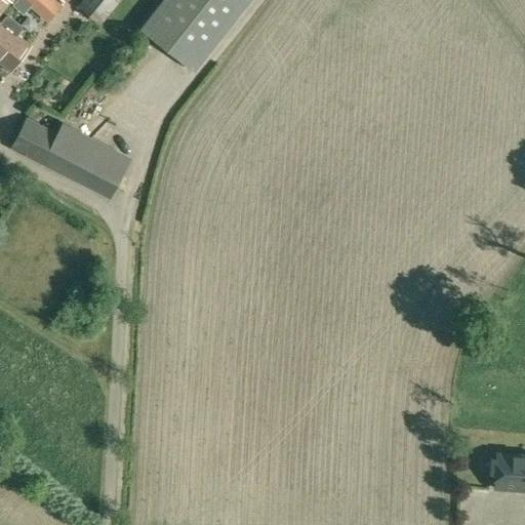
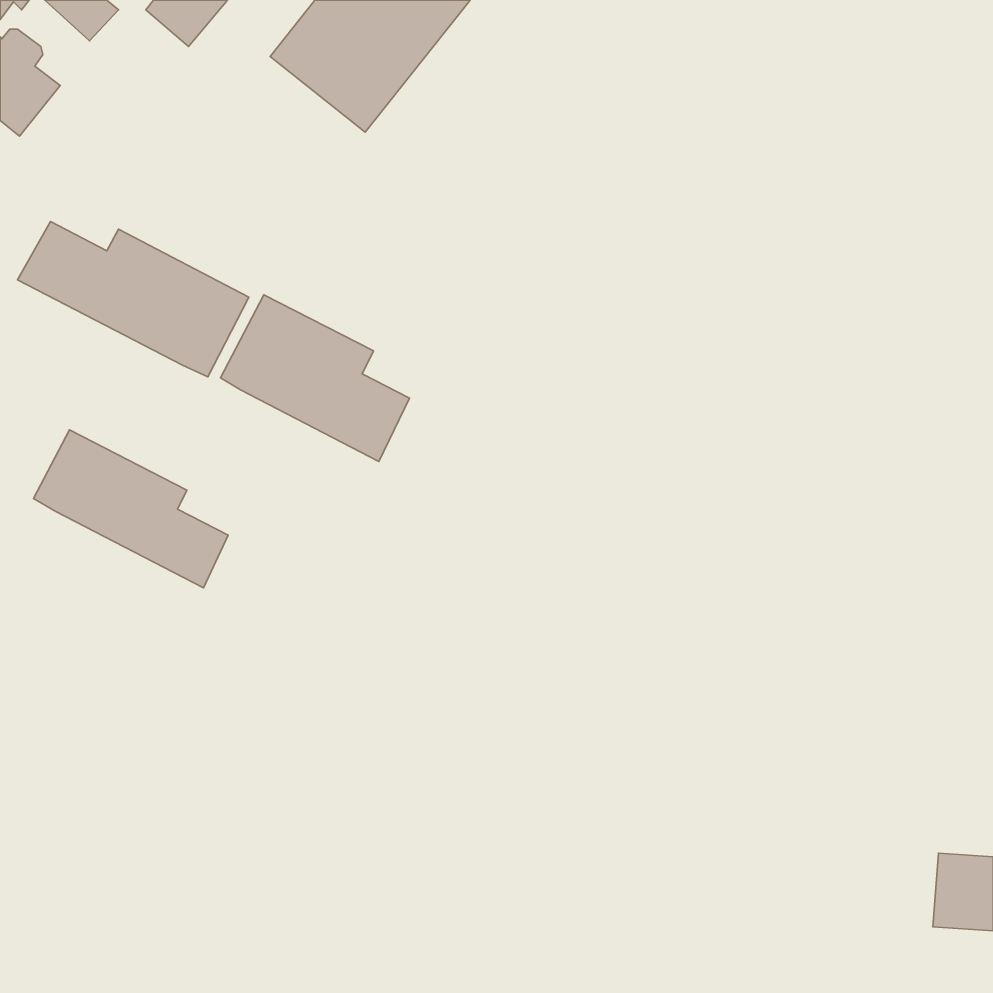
building: none -> [220,295,409,462]
building: none -> [33,430,228,588]

